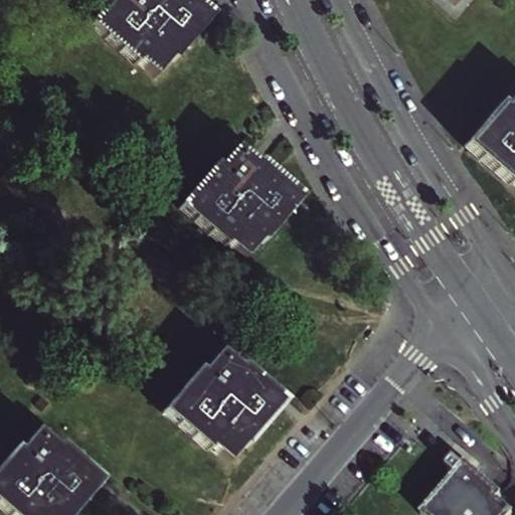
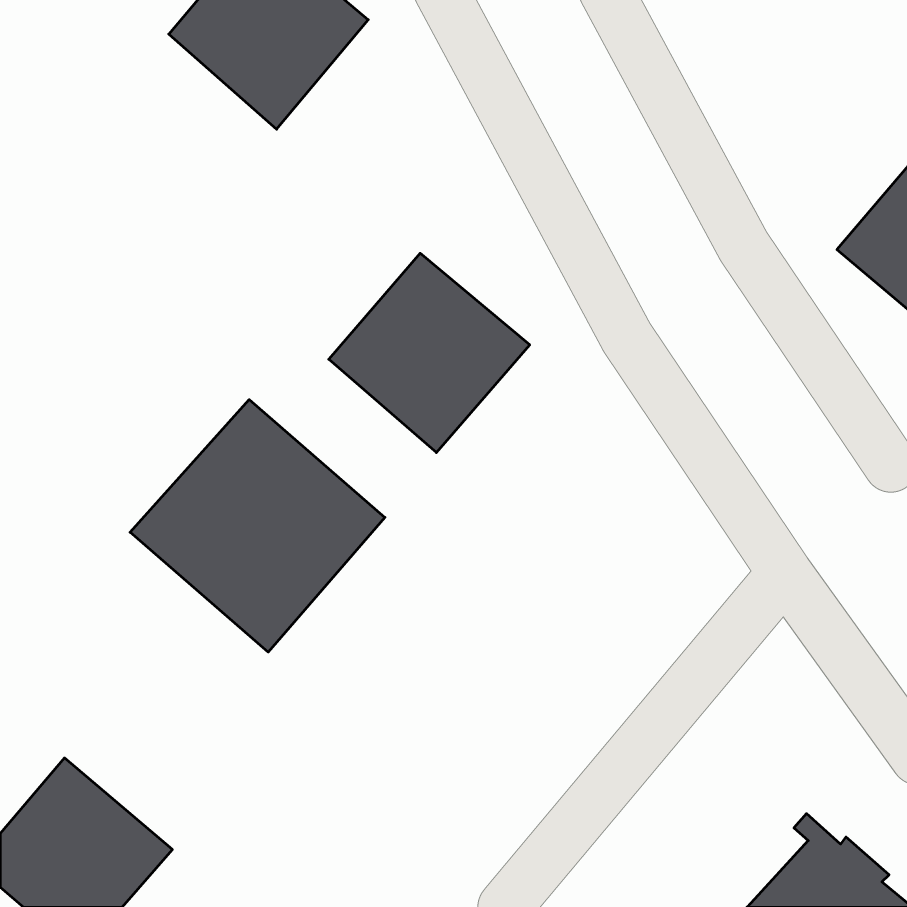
building: none -> [130,400,385,652]
building: [173,346,285,459] -> none

